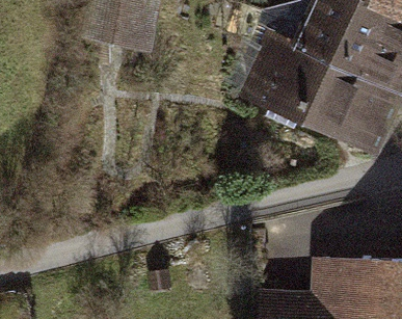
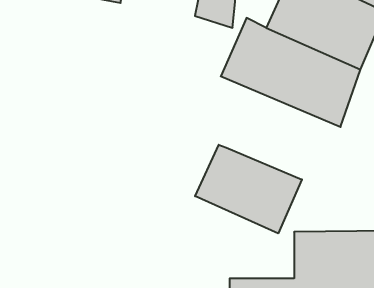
building: none -> [195,145,302,233]

